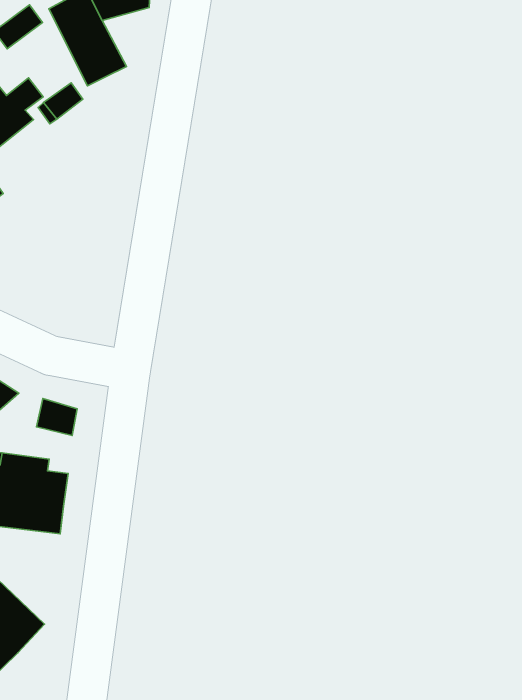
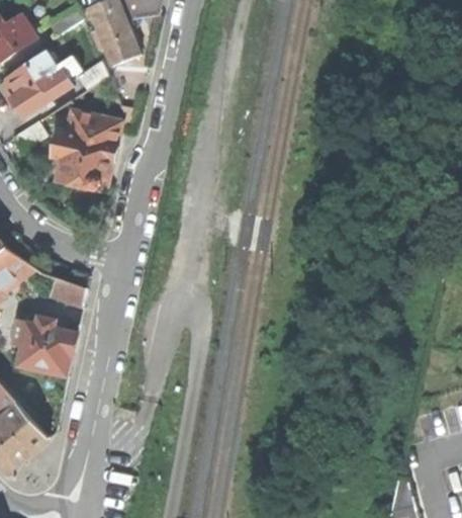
building: none -> [52,110,118,188]

